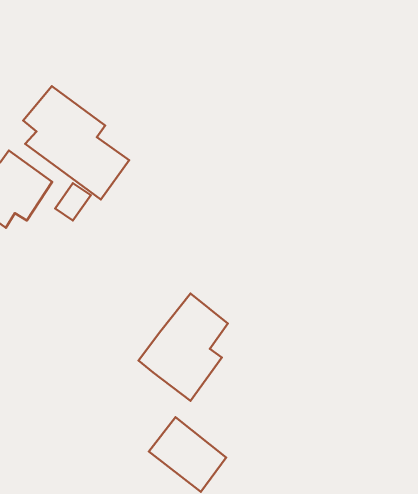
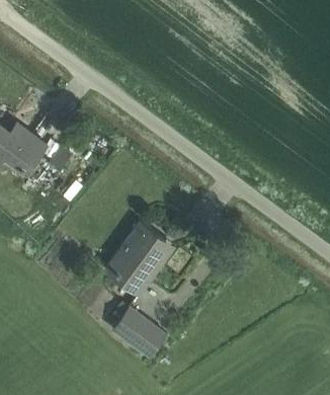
building: [23,86,129,199] -> none

